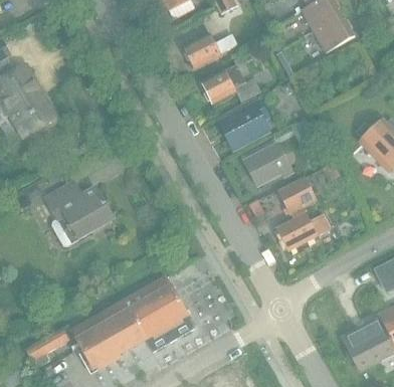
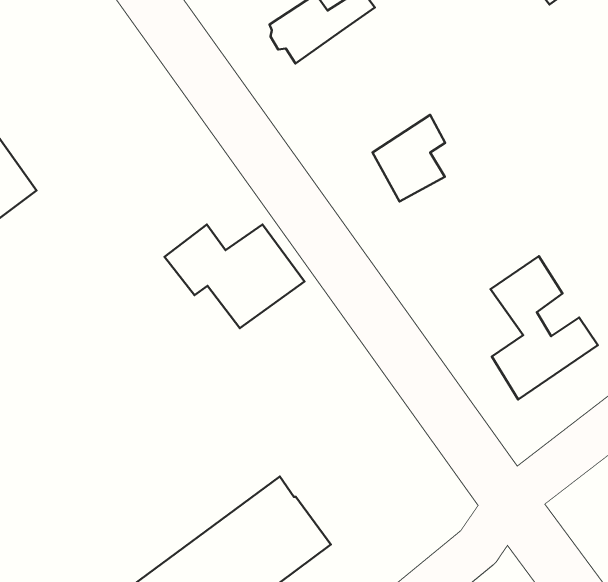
building: [201,64,260,103] -> none
building: [243,142,292,186] -> none
building: [45,184,115,238] -> [165,224,304,328]

